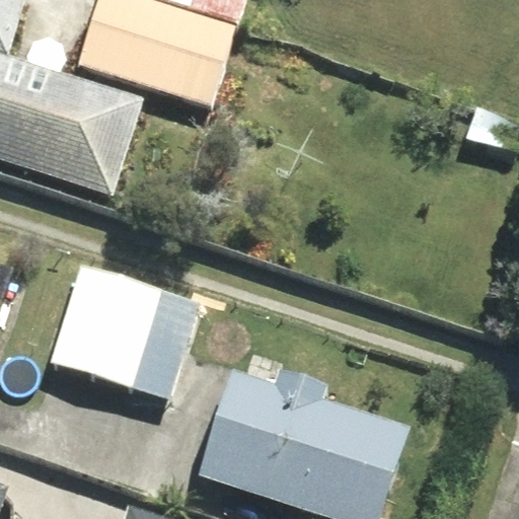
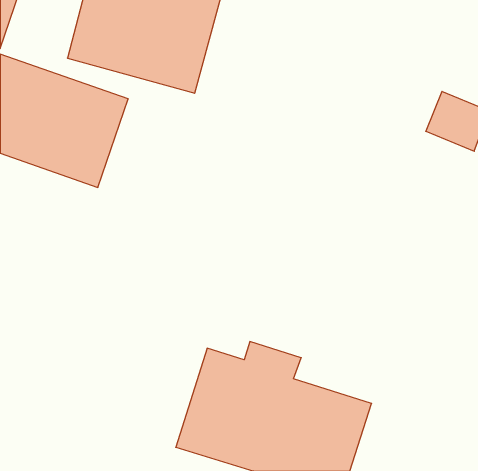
building: [40,263,209,409] -> none

